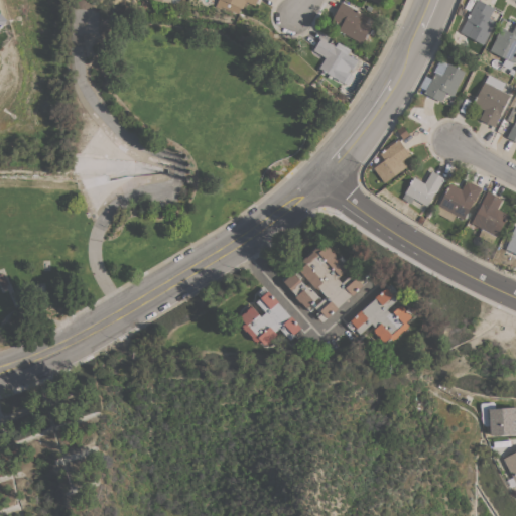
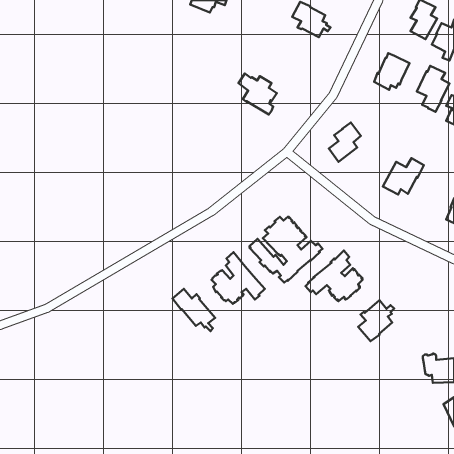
building: [313,38,357,85] -> [239,73,277,114]
building: [404,171,444,206] -> none
building: [471,190,508,244] -> none
building: none -> [172,289,215,331]
building: none -> [358,300,394,341]

